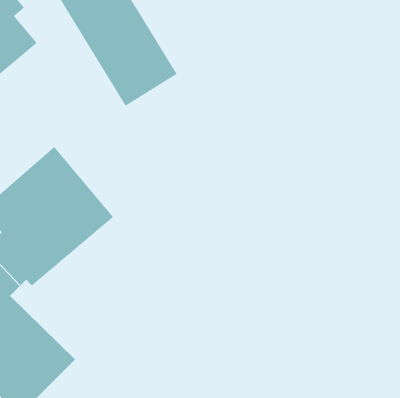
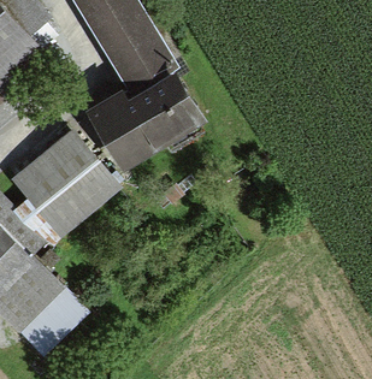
building: none -> [85,65,206,167]

